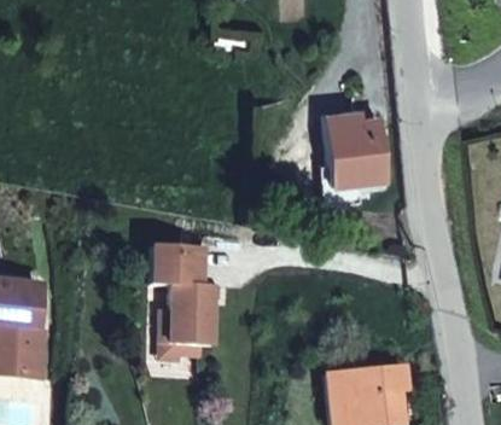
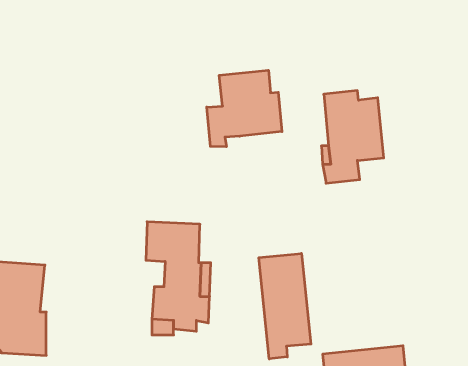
building: none -> [207,70,282,147]
building: none -> [259,253,311,359]

